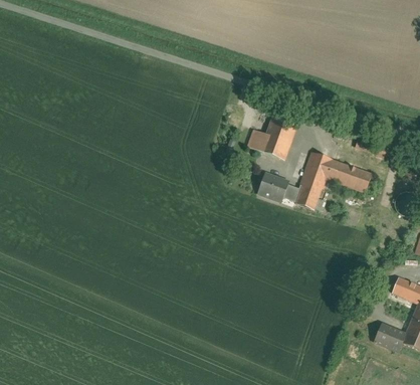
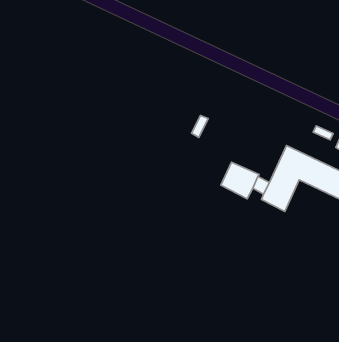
building: [246,112,298,160] -> none

